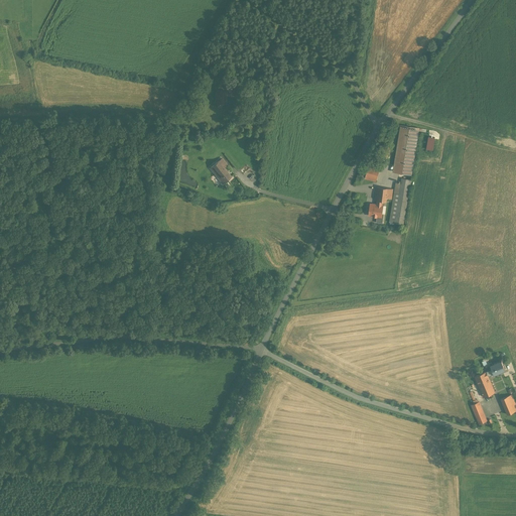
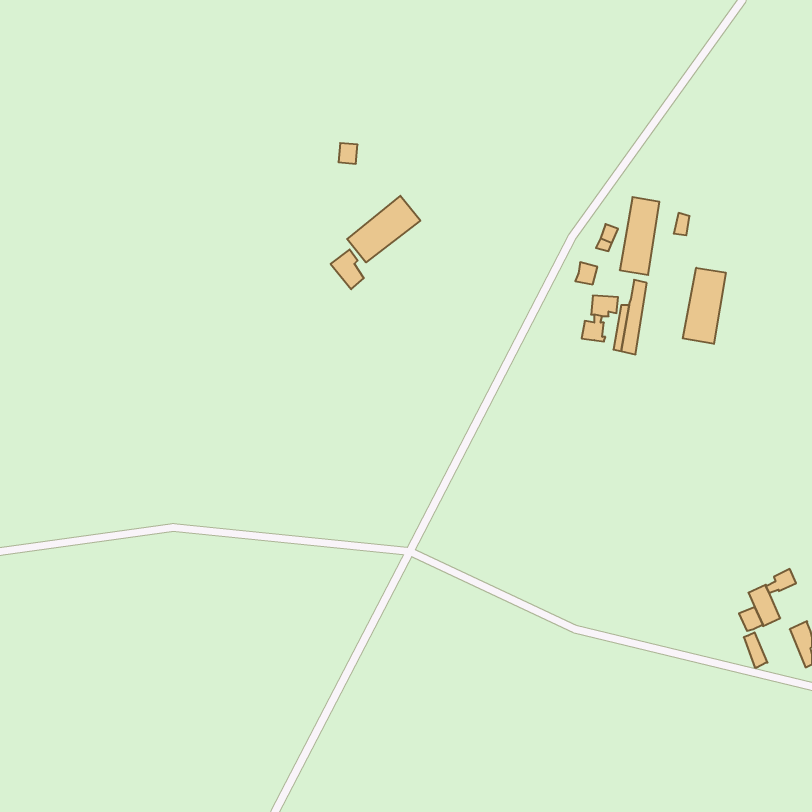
building: none -> [347,196,420,262]
building: none -> [683,268,726,344]

